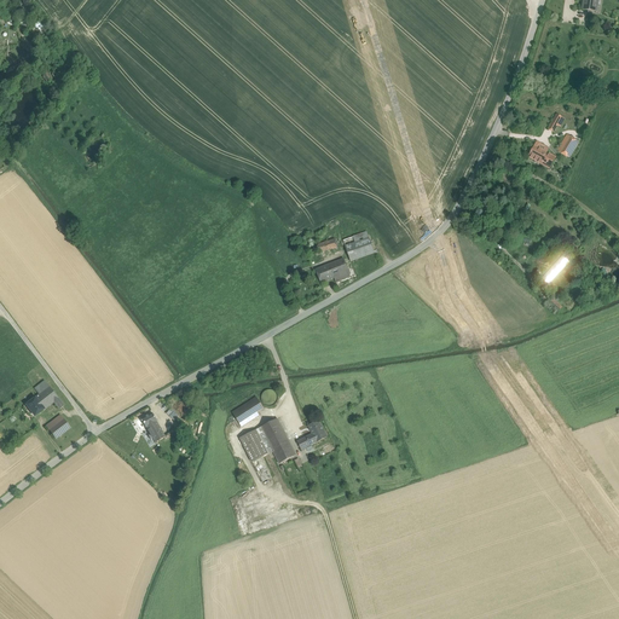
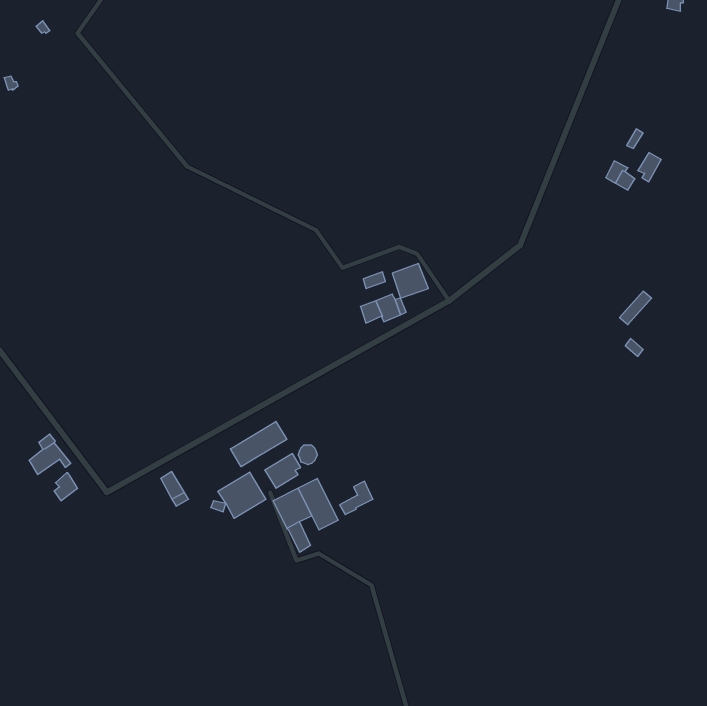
building: none -> [230,421,287,467]
building: none -> [218,472,266,518]

